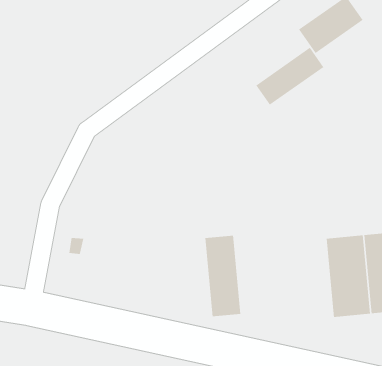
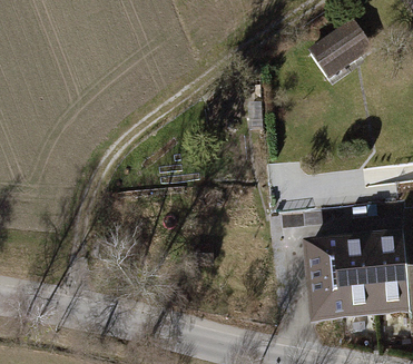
building: [255,47,324,106] -> none
building: [205,235,241,317] -> [306,244,340,318]

